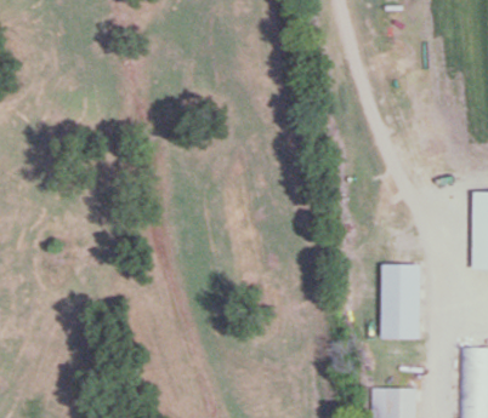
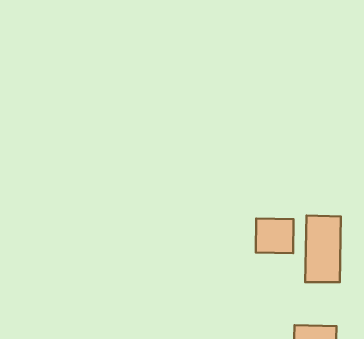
building: none -> [256,219,294,253]

